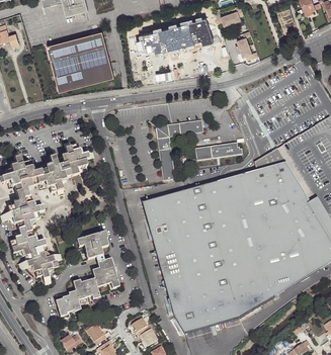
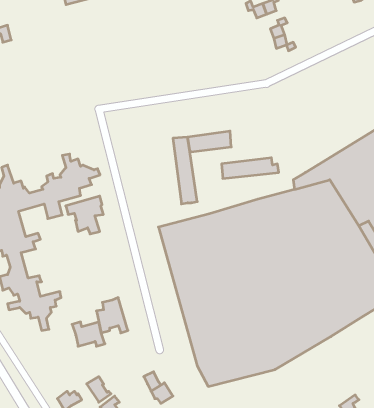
building: [137,19,213,57] -> none
building: [47,31,114,92] -> none
building: [76,233,107,264] -> [66,196,103,234]
building: [54,291,79,317] -> none

